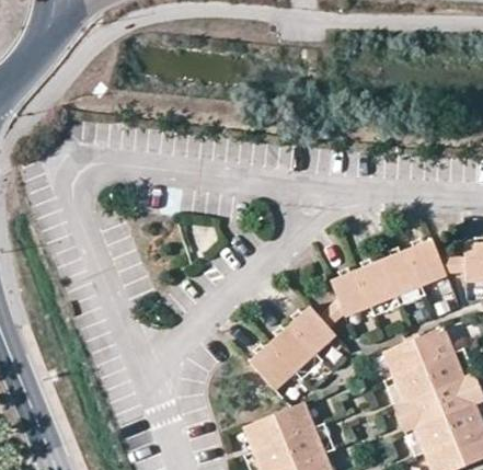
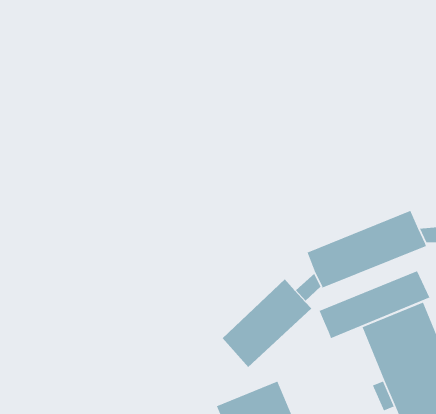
building: none -> [318,270,430,339]

